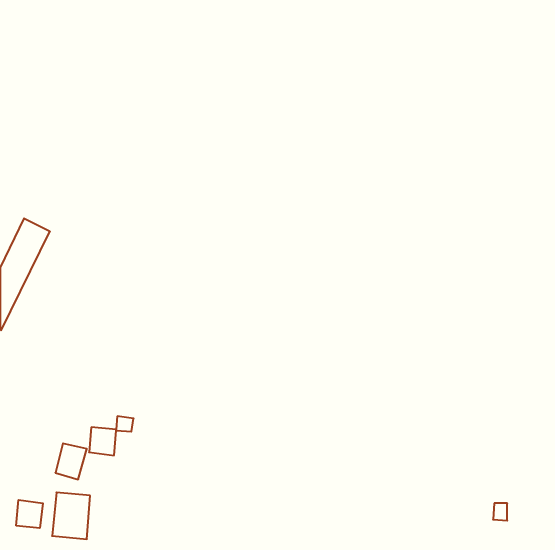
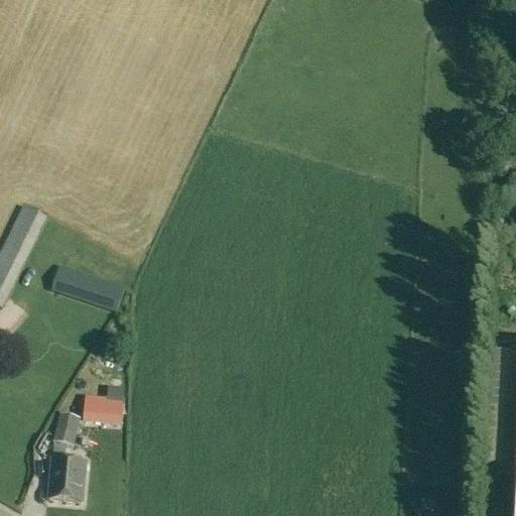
building: none -> [50,263,124,309]
building: [16,500,43,528] -> none

